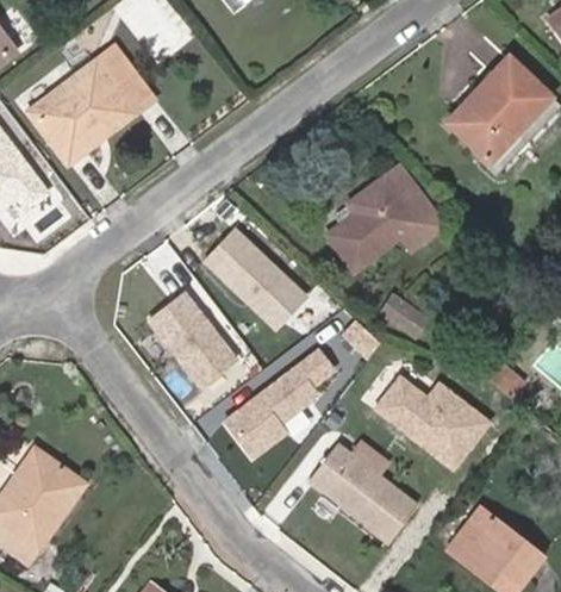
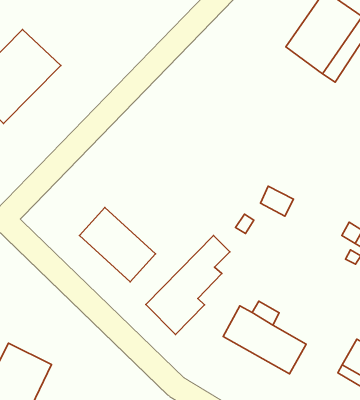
building: [328,162,447,270] -> none
building: [201,225,312,331] -> none
building: [370,369,491,469] -> none

